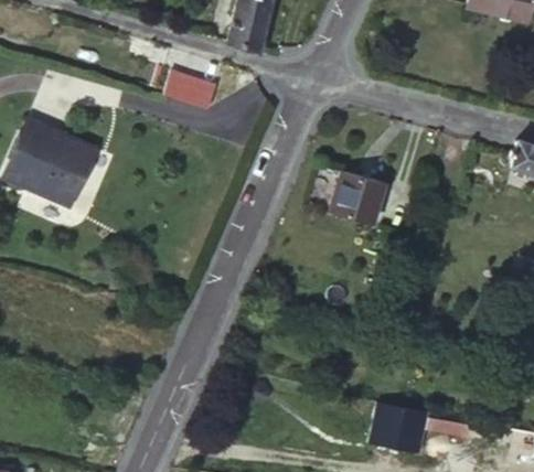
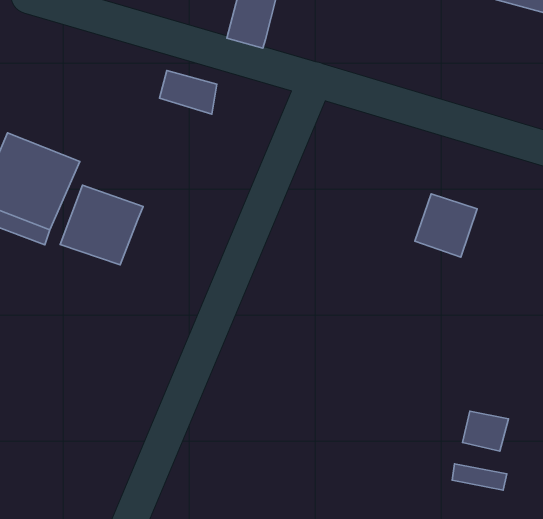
building: none -> [60,185,143,265]
building: [333,174,388,230] -> [415,194,477,257]
building: [387,409,428,444] -> [462,411,509,451]

